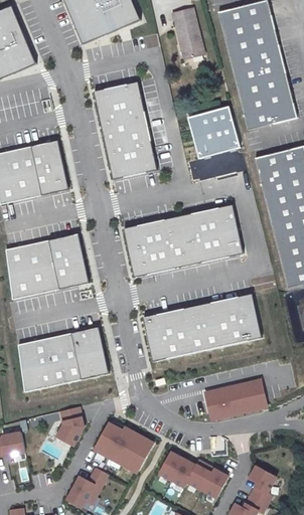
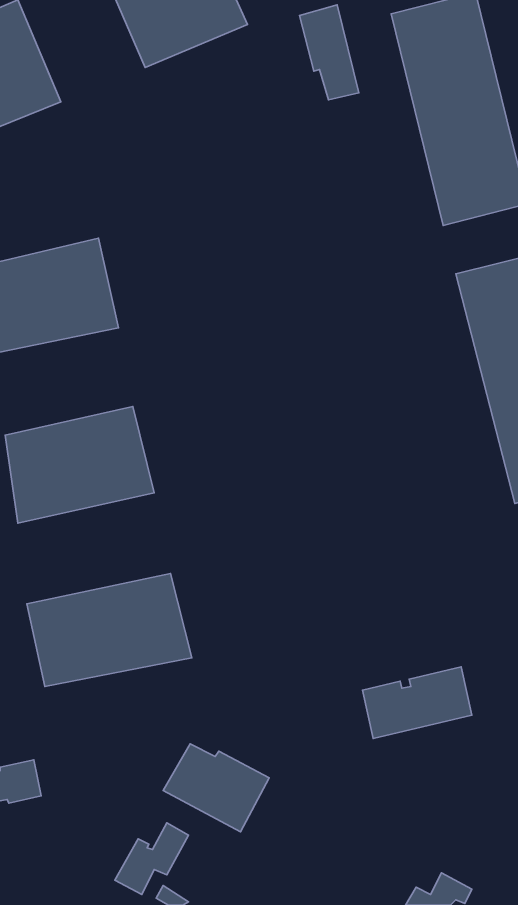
building: [94,82,155,178] -> none
building: [186,107,237,158] -> none
building: [123,204,241,275] -> none
building: [142,294,261,360] -> none
building: [55,406,82,446] -> none
building: [158,452,226,497] -> none
building: [249,466,275,504] -> none

